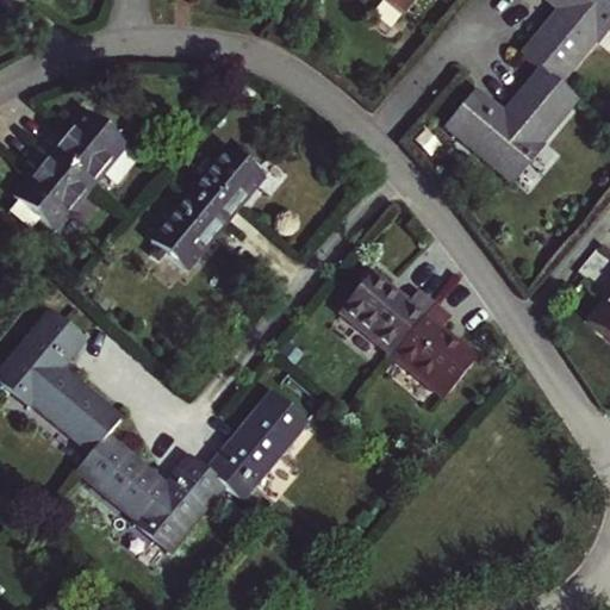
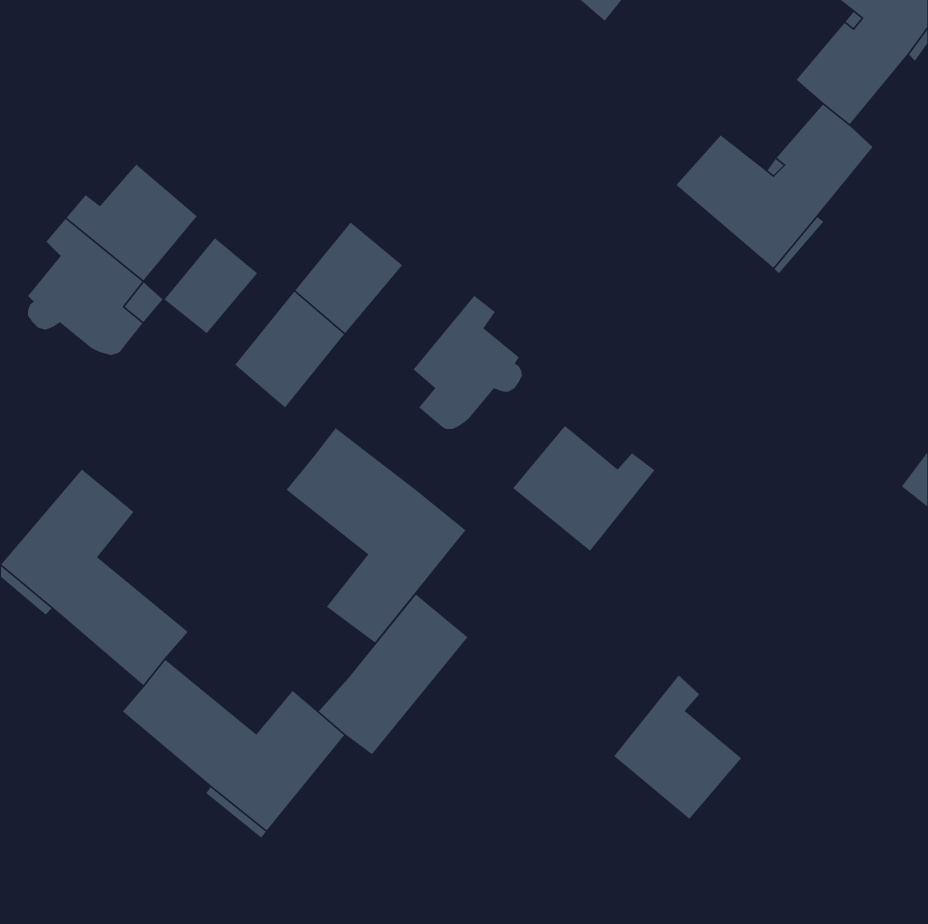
building: none -> [163,237,258,334]
building: none -> [412,295,523,430]
building: none -> [286,427,467,644]
building: [387,309,472,404] -> [613,675,742,820]

